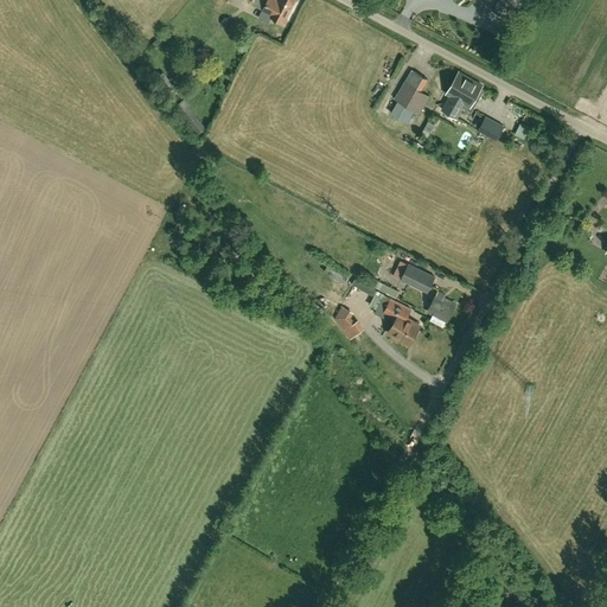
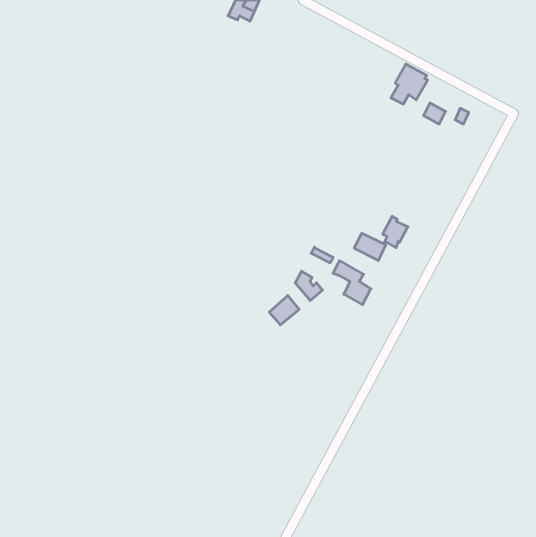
building: [394,70,429,114] -> none
building: [427,292,455,327] -> [383,216,408,248]
building: none -> [269,295,299,325]

